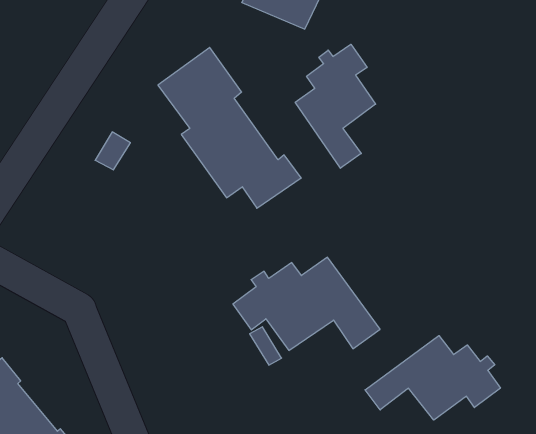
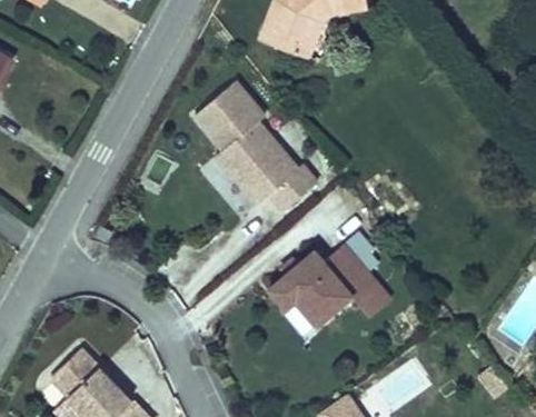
building: [295,44,376,168] -> none
building: [365,336,500,420] -> none

